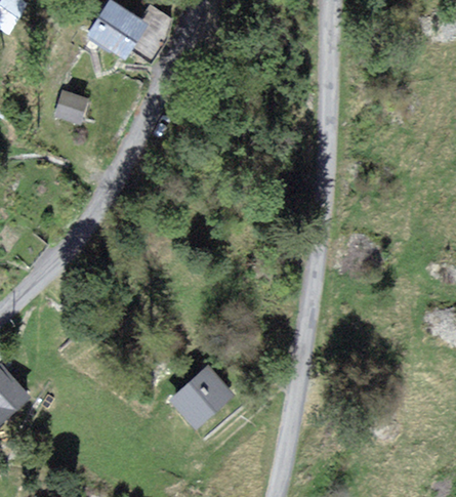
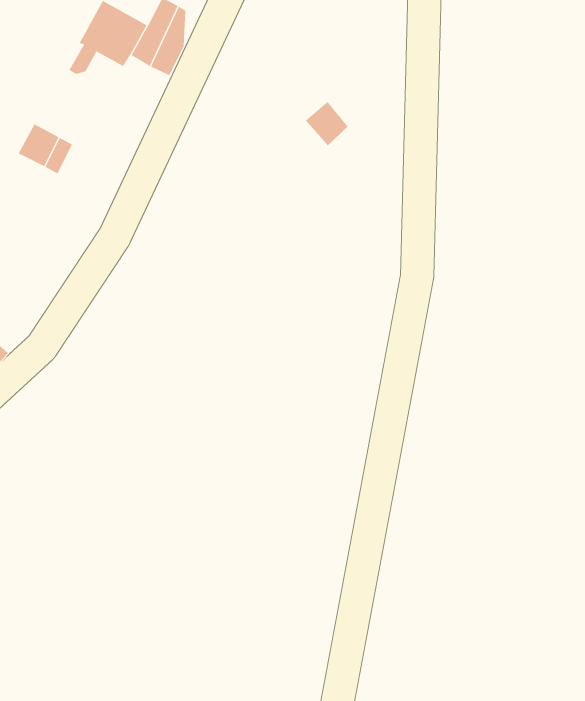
building: [178,372,230,423] -> none

